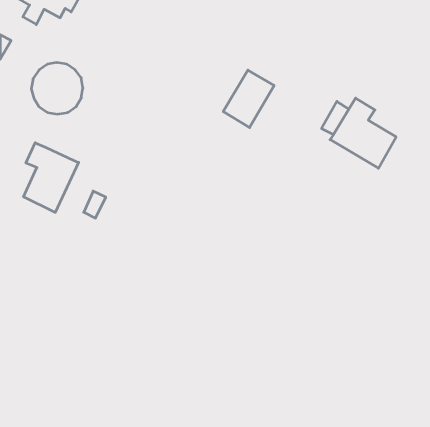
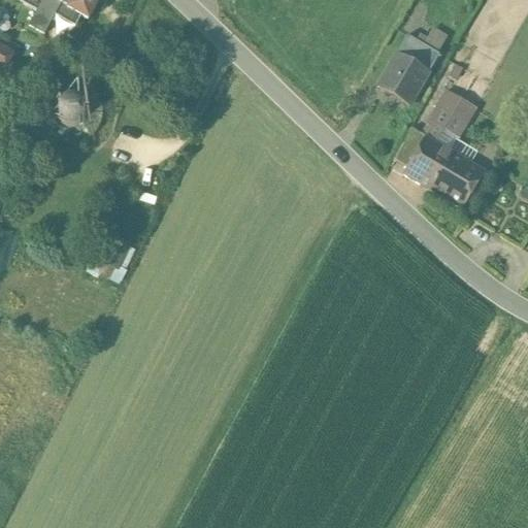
building: [223,70,274,128] -> [380,32,441,102]
building: none -> [433,90,476,134]
building: [24,143,79,212] -> none

